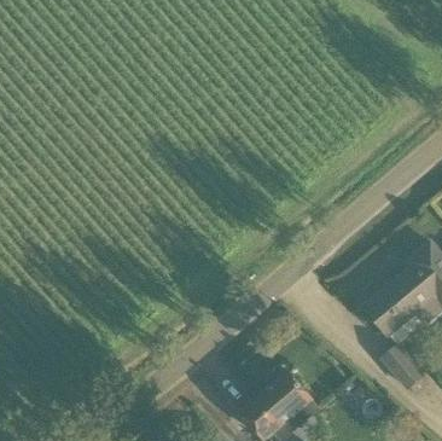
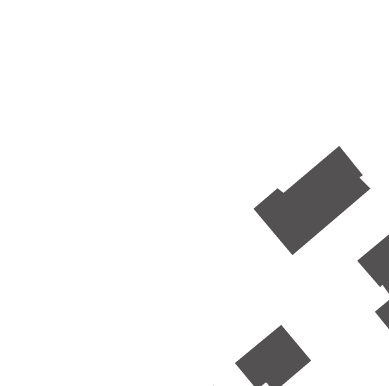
building: none -> [252,145,372,256]

